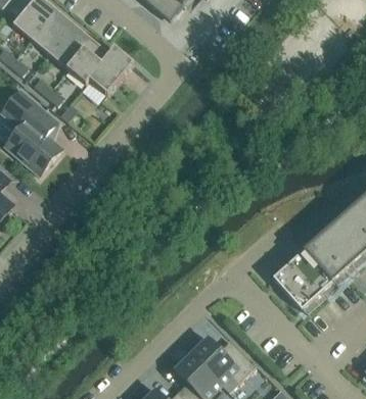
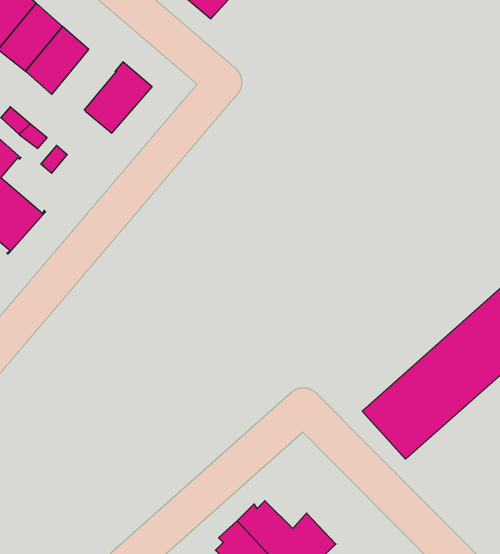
building: [65,40,108,85] -> none

